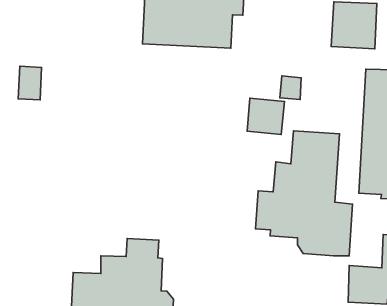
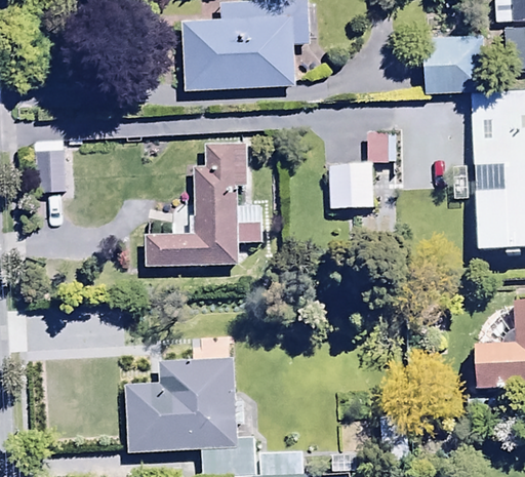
building: none -> [145,143,262,268]
building: [255,131,352,256] -> none

